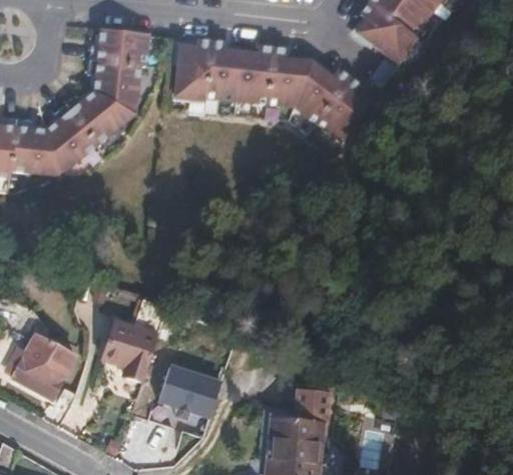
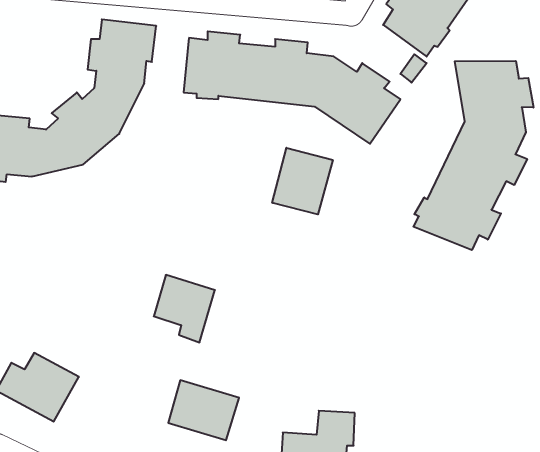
building: none -> [413,61,533,250]
building: none -> [272,148,333,214]
building: [102,320,158,382] -> [154,275,215,342]

